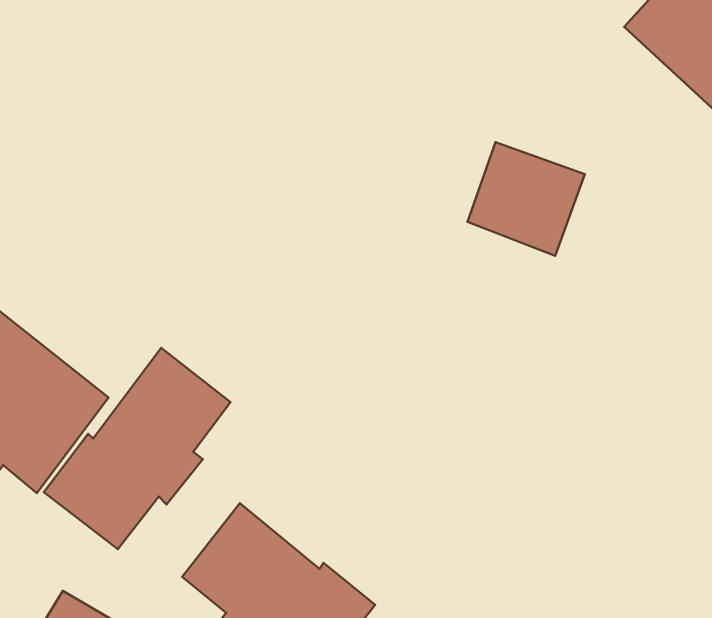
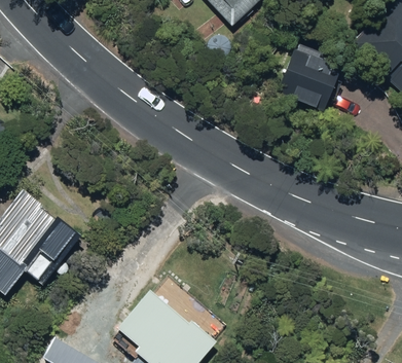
building: [467,142,585,256] -> [277,50,337,109]
building: [44,348,231,549] -> none

